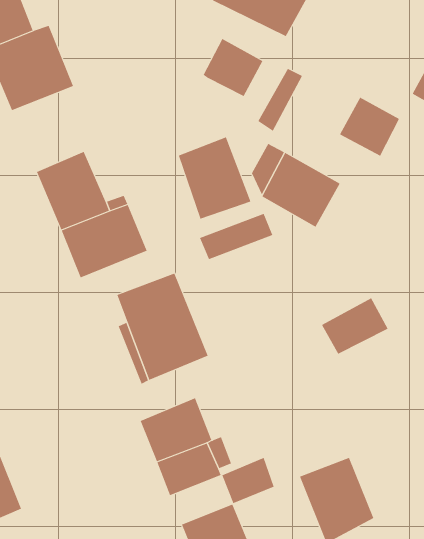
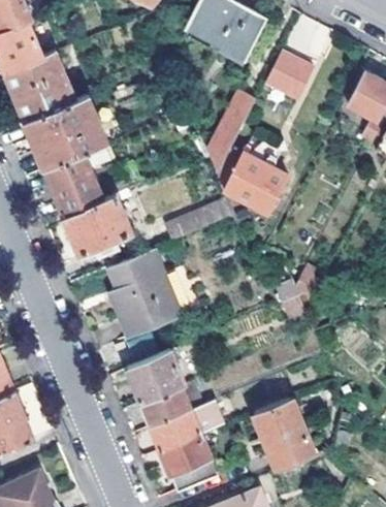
building: [203,38,263,97] -> none
building: none -> [25,95,108,169]
building: [339,97,400,157] -> [263,52,312,99]
building: [178,136,251,219] -> none
building: none -> [151,411,201,450]

